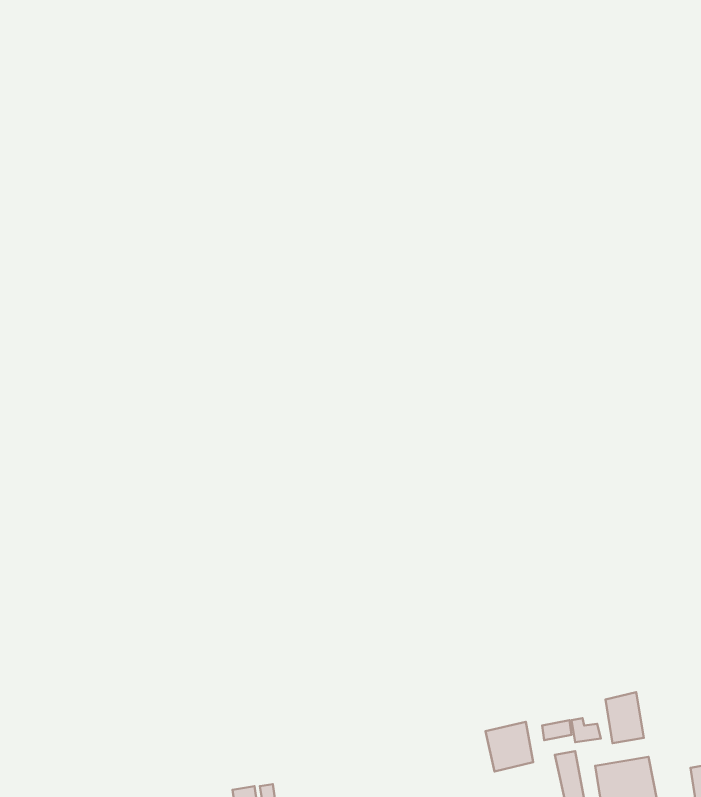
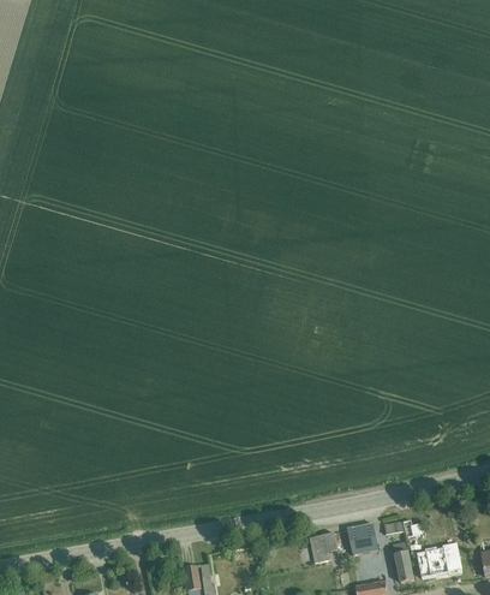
building: [606,692,644,743] -> none
building: none -> [310,532,336,563]

